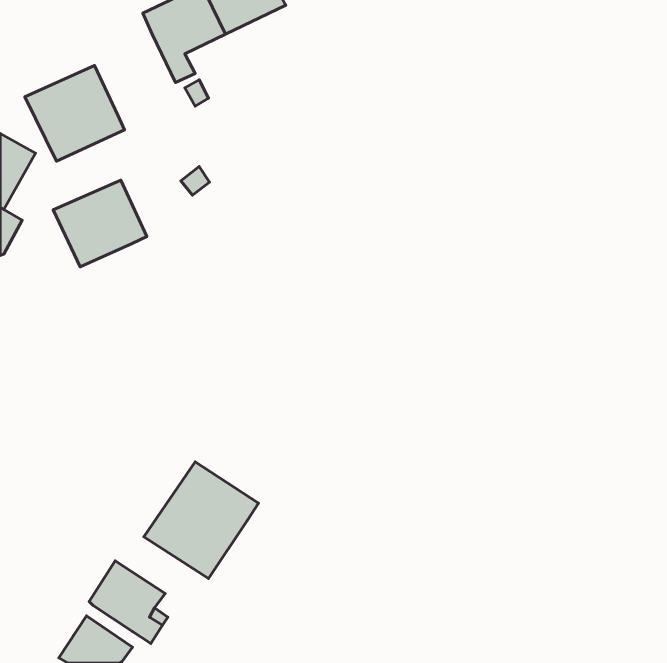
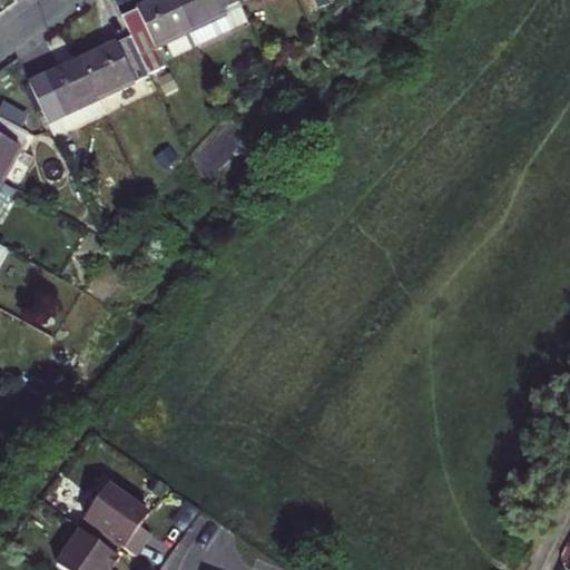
building: none -> [82,29,151,98]
building: [53,180,147,267] -> none
building: [144,462,258,579] -> none

